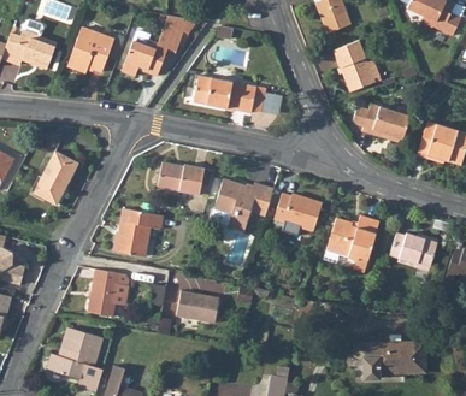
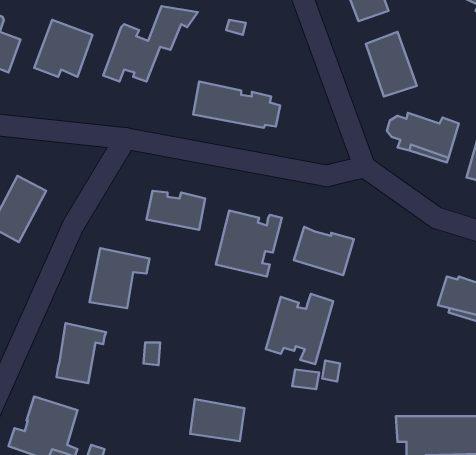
building: [326,214,381,271] -> [266,294,333,364]
building: [176,292,219,326] -> [190,399,244,441]

